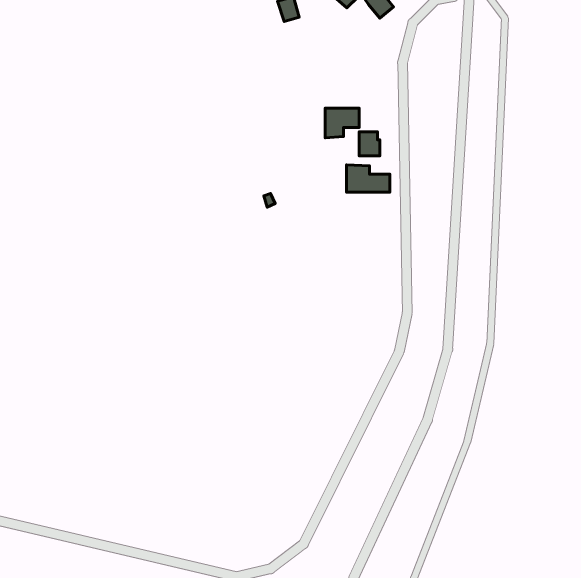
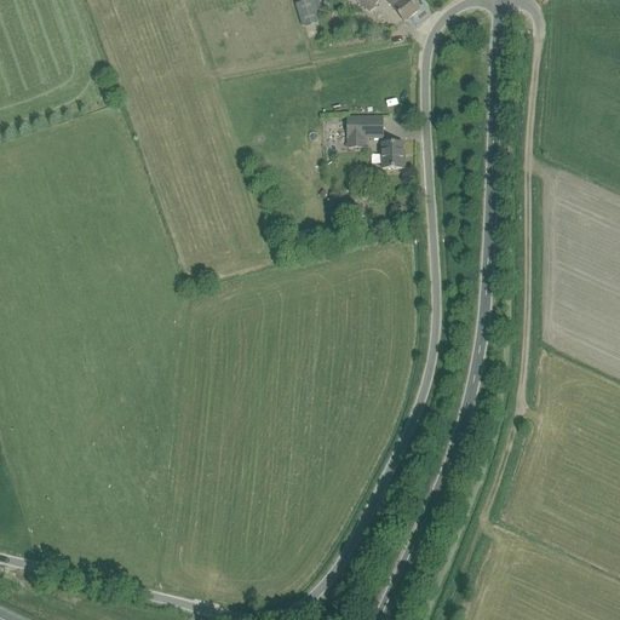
building: [347,165,390,192] -> none

